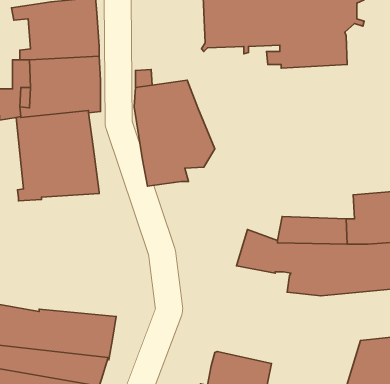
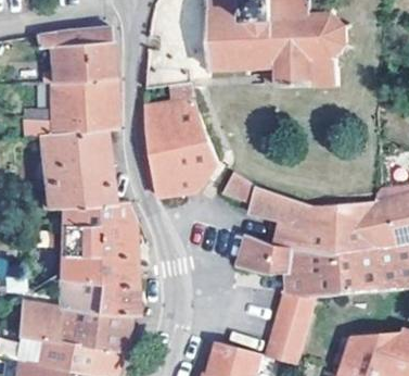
building: none -> [222,172,344,225]
building: none -> [54,200,137,314]
building: none -> [269,291,314,361]

